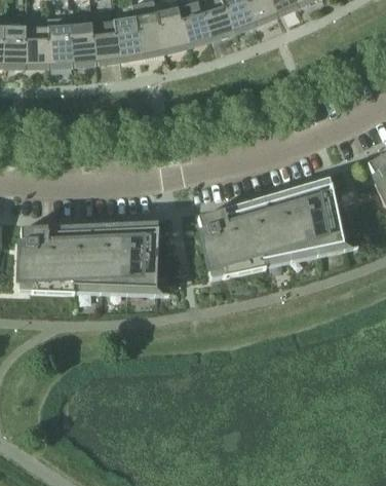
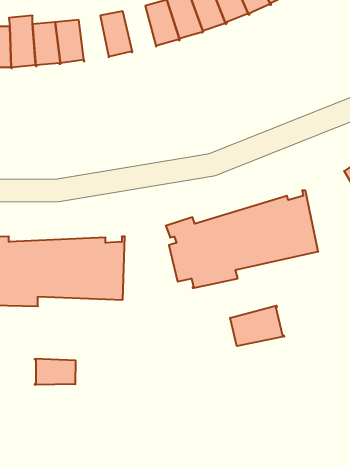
building: [156,6,188,50] -> none
building: [114,15,143,60] -> none
building: none -> [230,306,284,346]
building: none -> [35,359,75,385]

